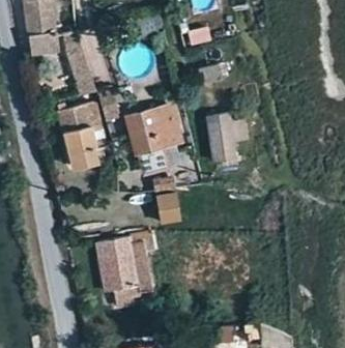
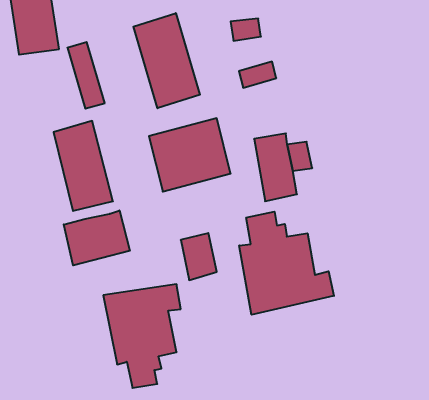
building: none -> [133,13,200,108]
building: none -> [64,210,130,265]
building: none -> [239,212,334,315]

